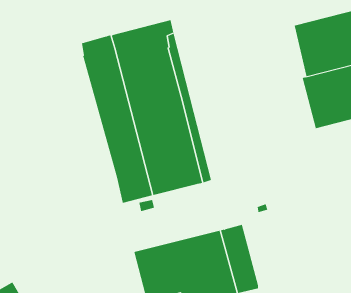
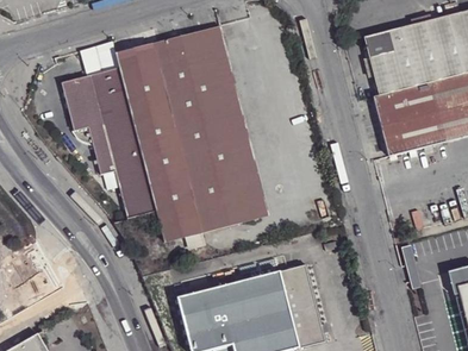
building: none -> [62,69,157,219]

